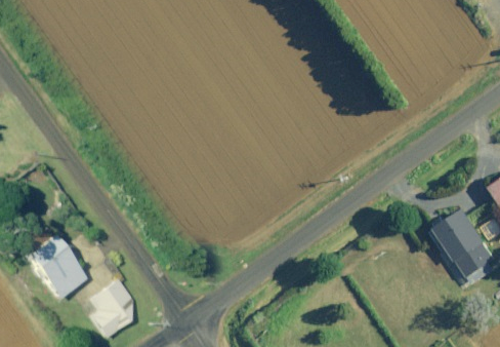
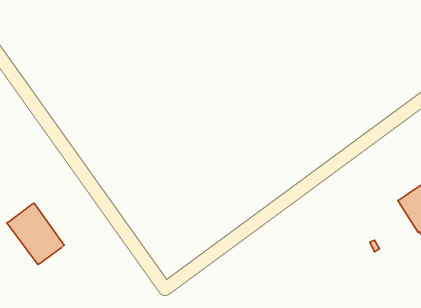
building: [87,278,131,338] -> none

